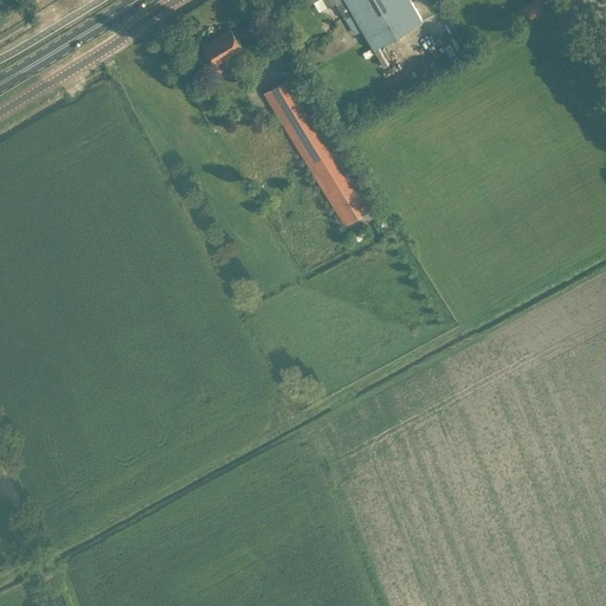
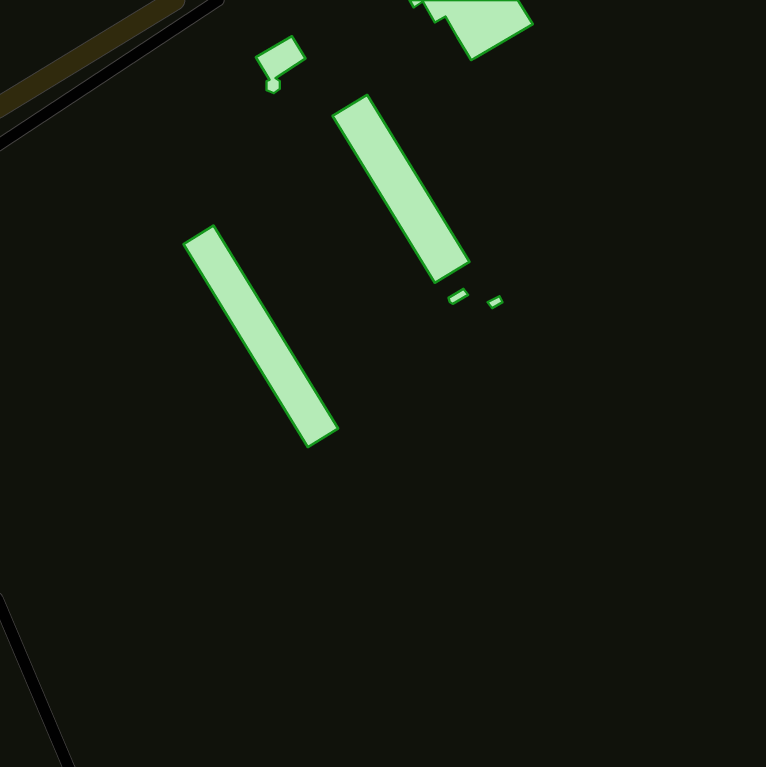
building: none -> [183,226,338,447]

